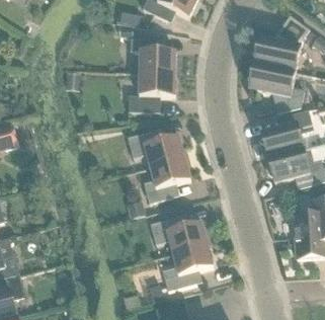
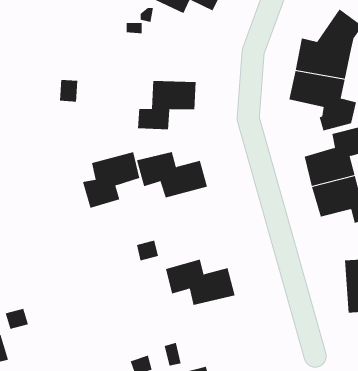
building: [130,38,175,74] -> none
building: [143,158,189,204] -> [82,152,140,208]
building: [162,245,213,291] -> none

